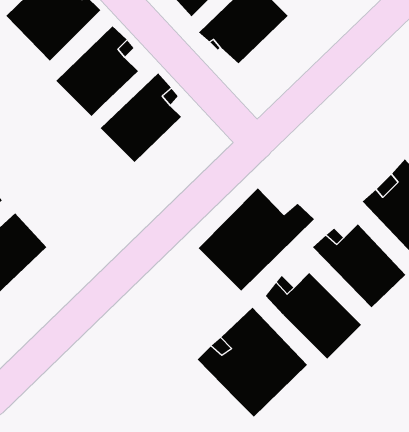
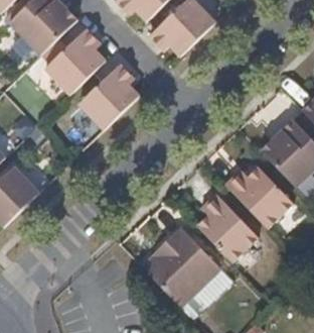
building: [198,187,315,292] -> none

